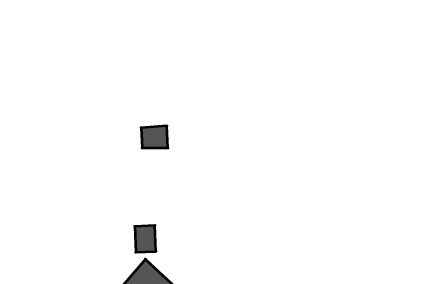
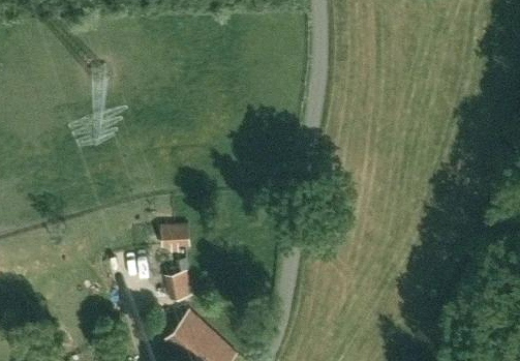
building: [141,126,168,148] -> [159,223,188,247]

